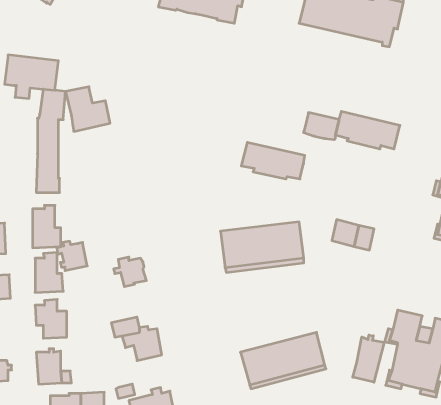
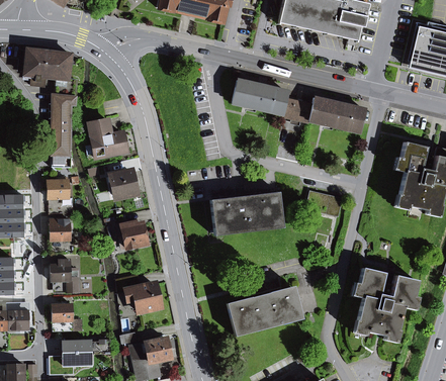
building: [66,87,110,131] -> [88,119,126,158]
building: [241,142,305,179] -> [233,80,287,111]
building: [57,241,87,271] -> [109,171,136,196]
building: [353,335,384,382] -> none

